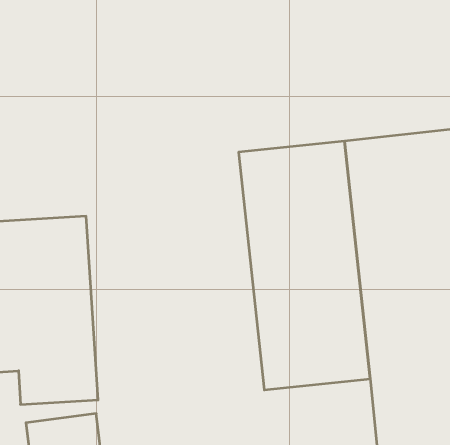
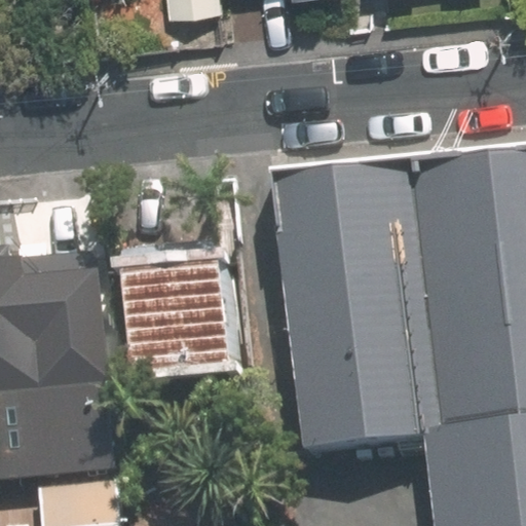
building: none -> [120,256,230,380]

